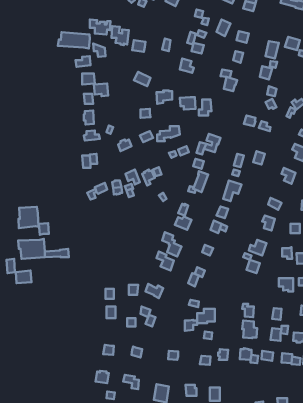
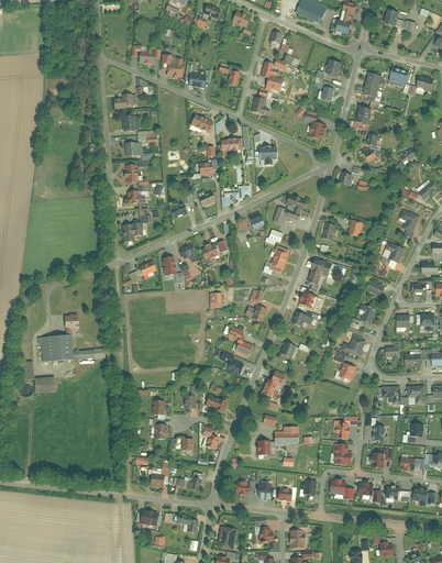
building: [58,32,90,48] -> none
building: [18,207,39,228] -> none

